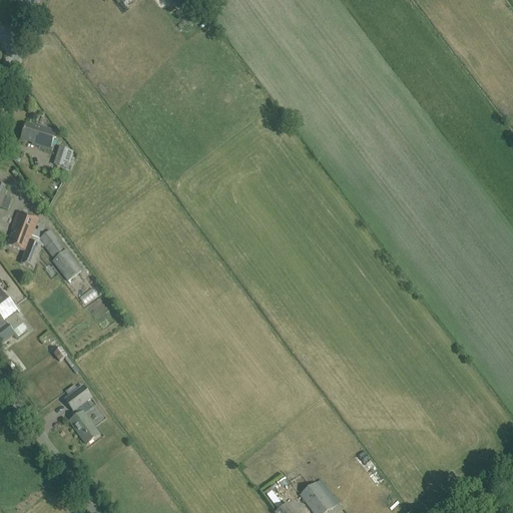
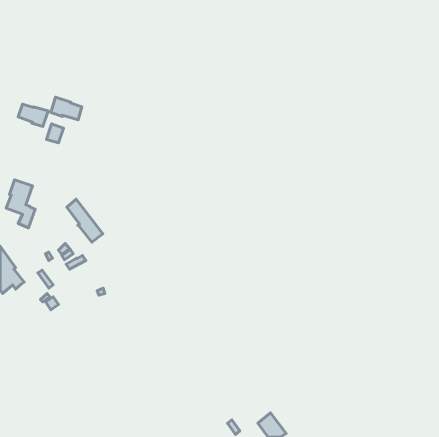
building: none -> [51,97,82,120]
building: [39,228,81,279] -> [67,199,103,242]
building: [65,383,99,442] -> none

